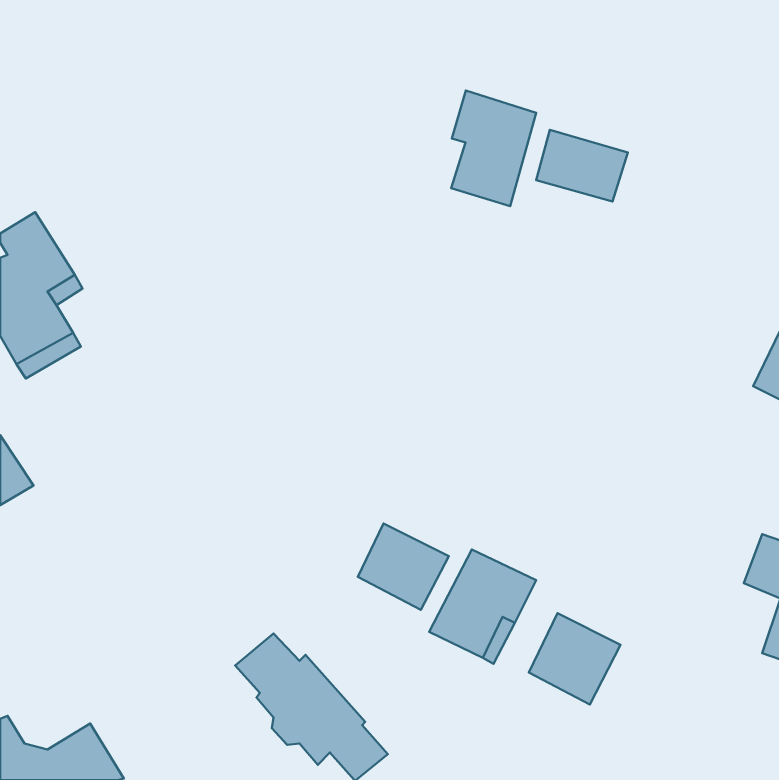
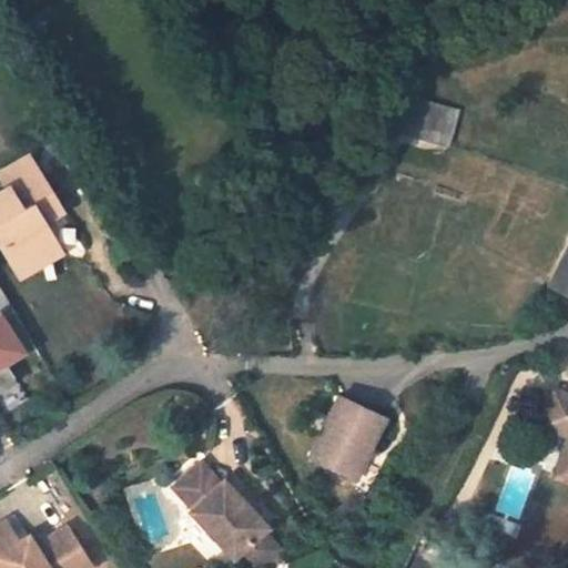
building: [451,91,536,206] -> none
building: [358,524,449,610] -> none
building: [529,613,621,705] -> none

